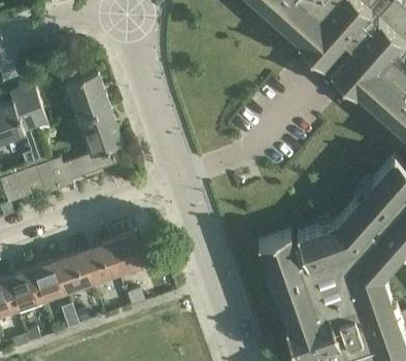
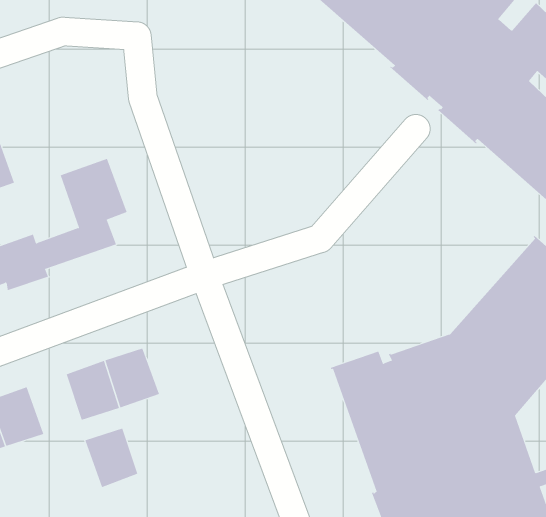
building: [62,69,109,119] -> none
building: [56,252,92,292] -> [84,428,138,488]

